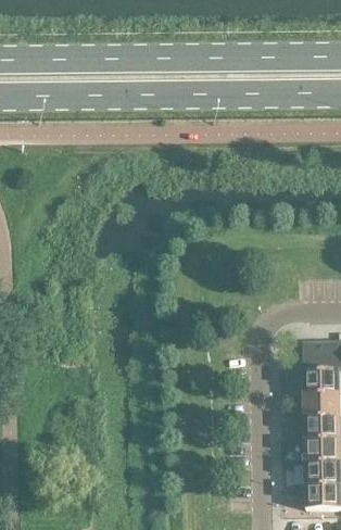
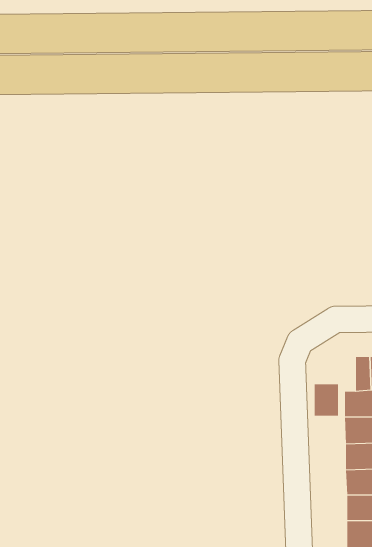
building: none -> [314,383,339,417]

